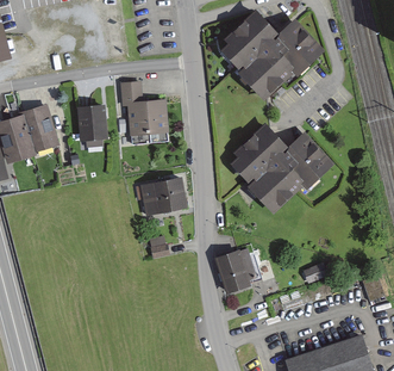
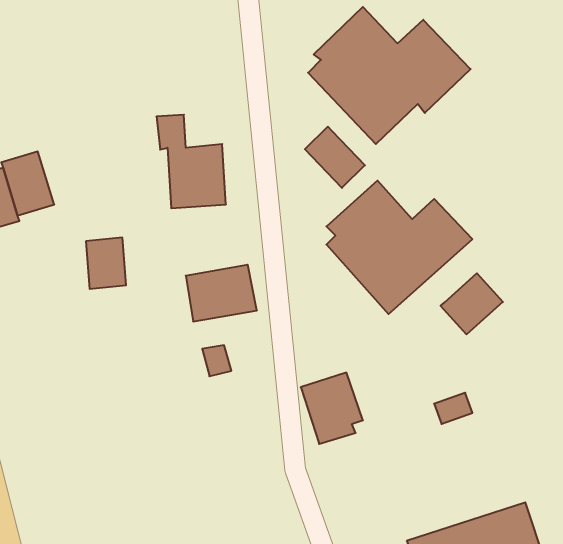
building: none -> [305,127,365,188]
building: [79,105,105,138] -> [86,238,126,289]
building: none -> [441,273,503,334]

